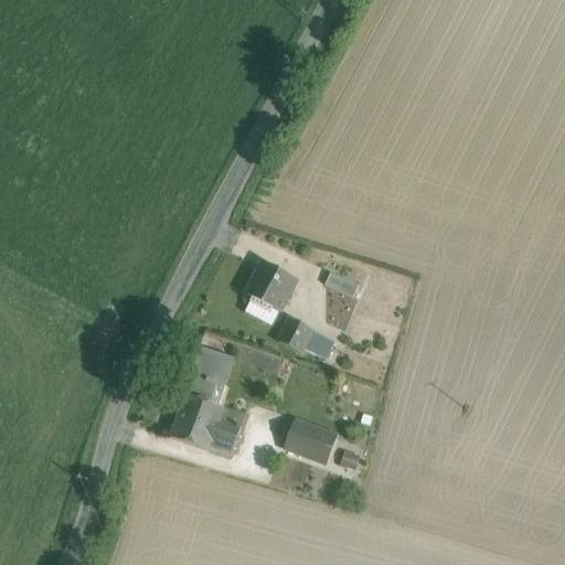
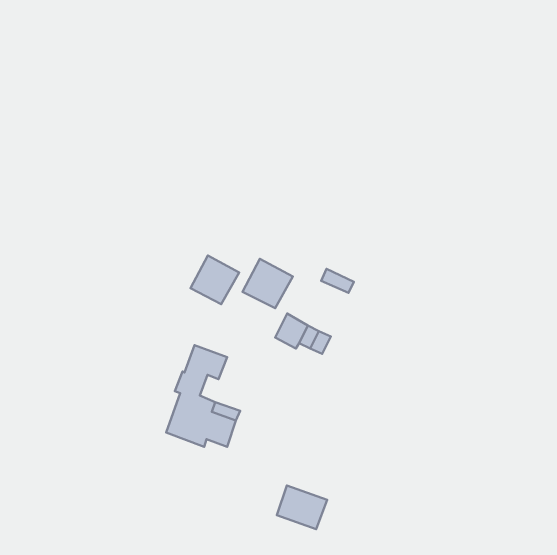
building: none -> [190,256,239,304]
building: [287,419,338,463] -> [277,486,327,529]

